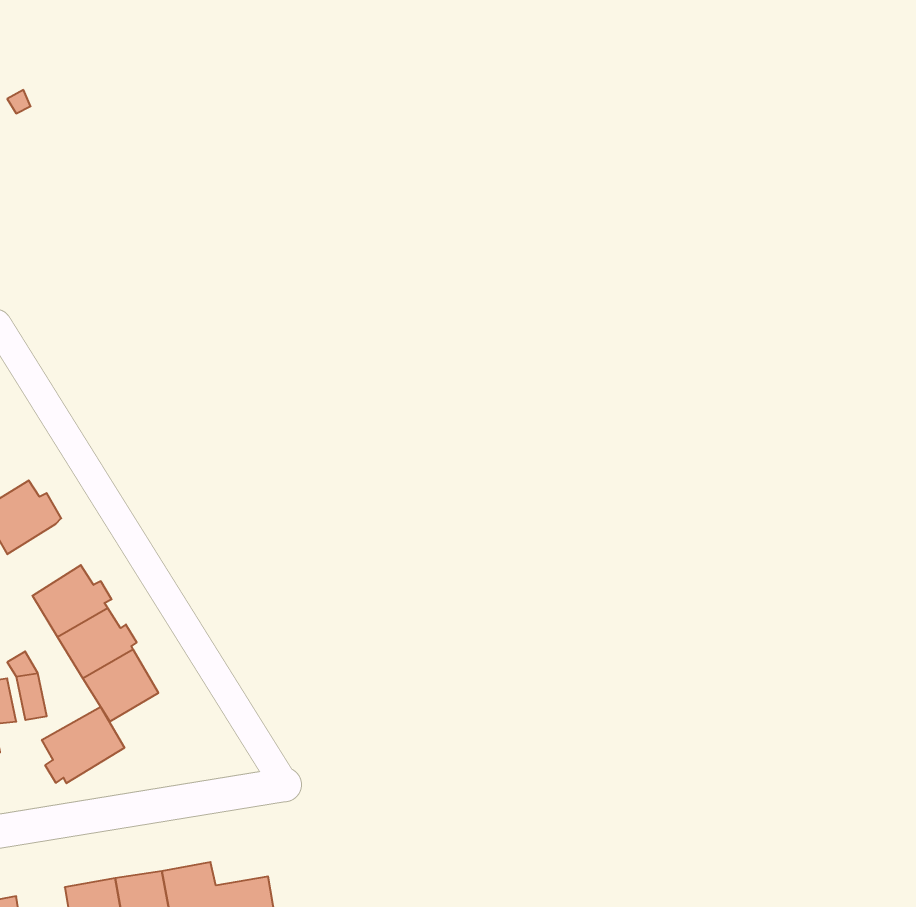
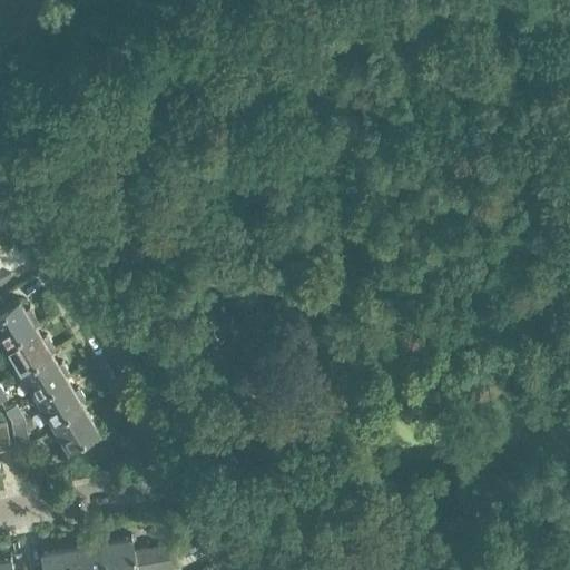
building: none -> [4,332,50,376]
building: [42,707,124,783] -> none

